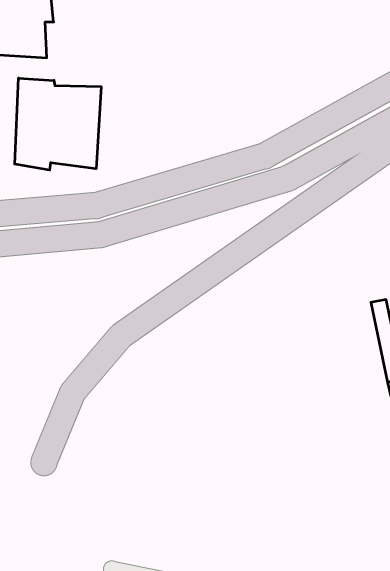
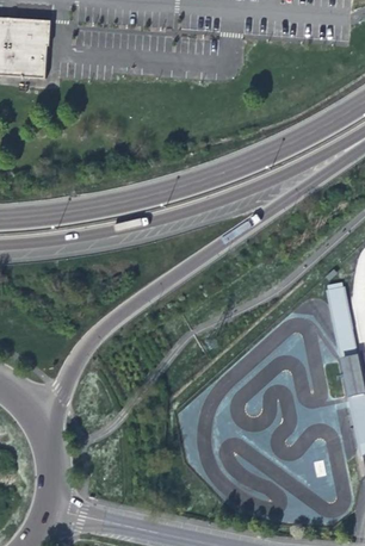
building: [15,78,101,170] -> none

